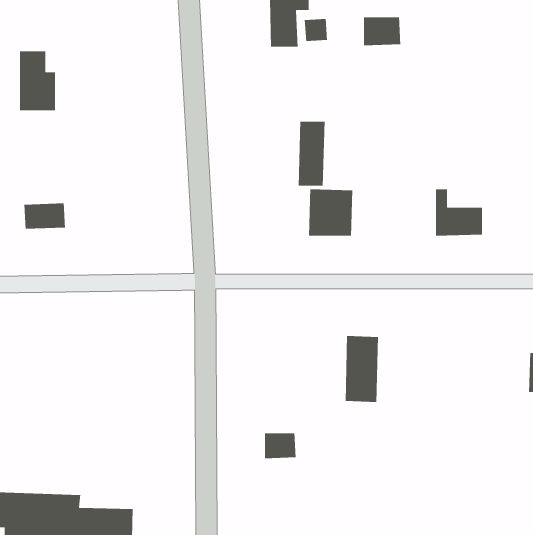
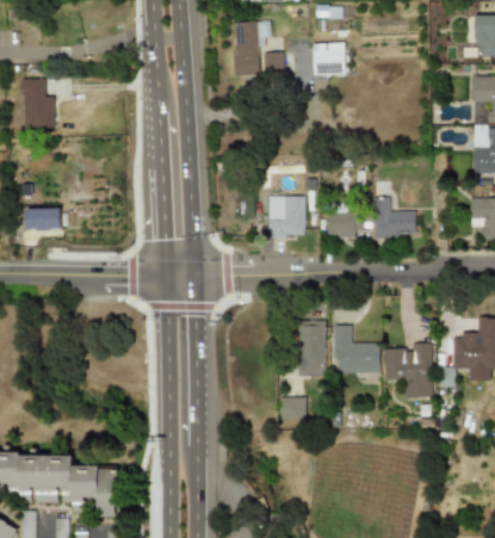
building: [298,121,326,187] -> none
building: none -> [327,205,363,236]
building: none -> [335,324,380,372]
building: none -> [385,342,433,397]
building: [264,432,296,459] -> [280,397,308,420]

